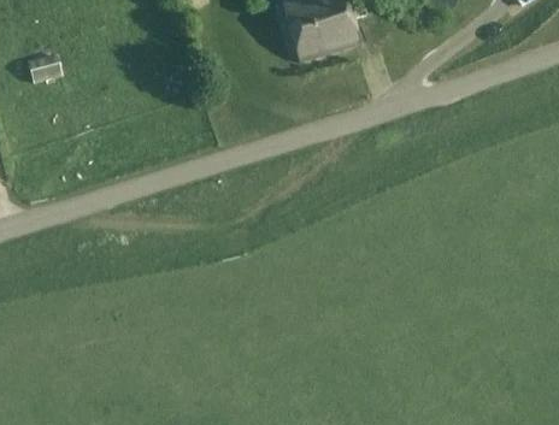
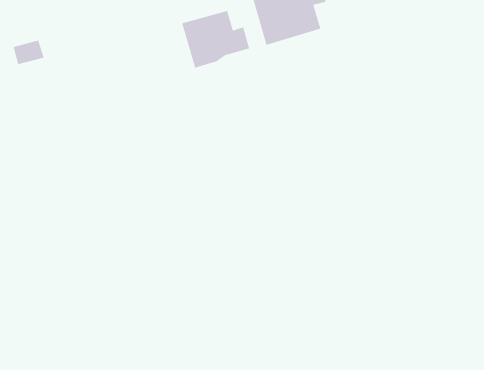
building: none -> [181,10,250,69]

